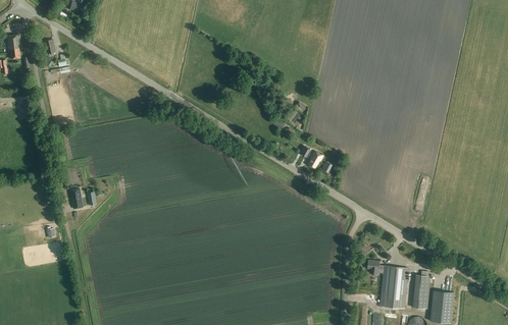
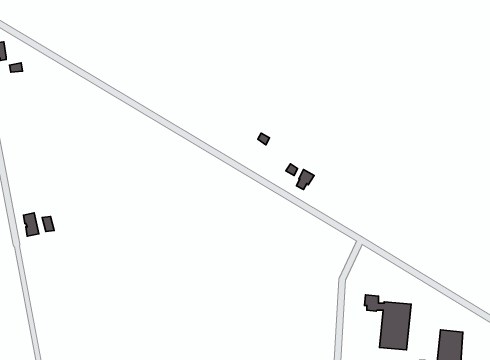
building: [412,274,430,308] -> none

